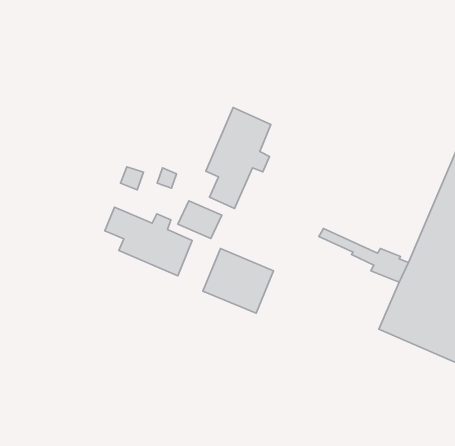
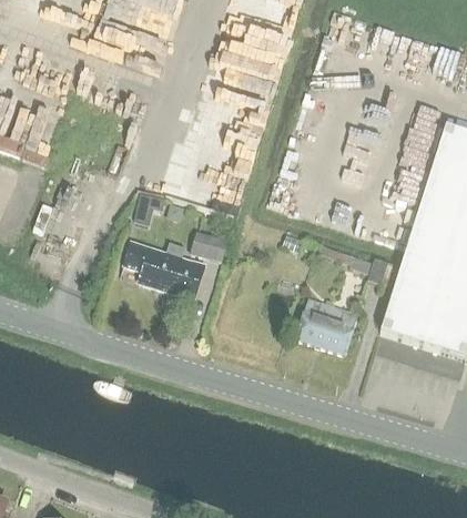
building: [206,107,271,208] -> none
building: [203,249,274,313] -> [296,296,358,352]

